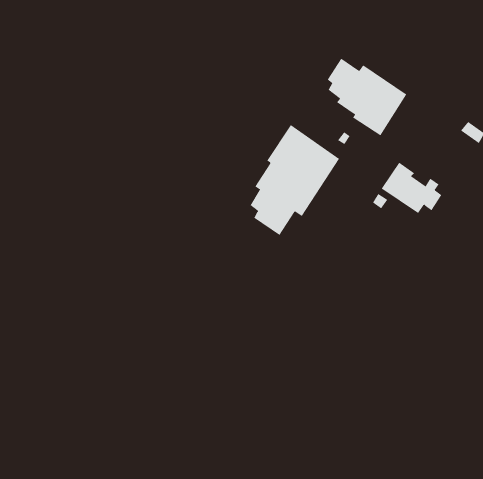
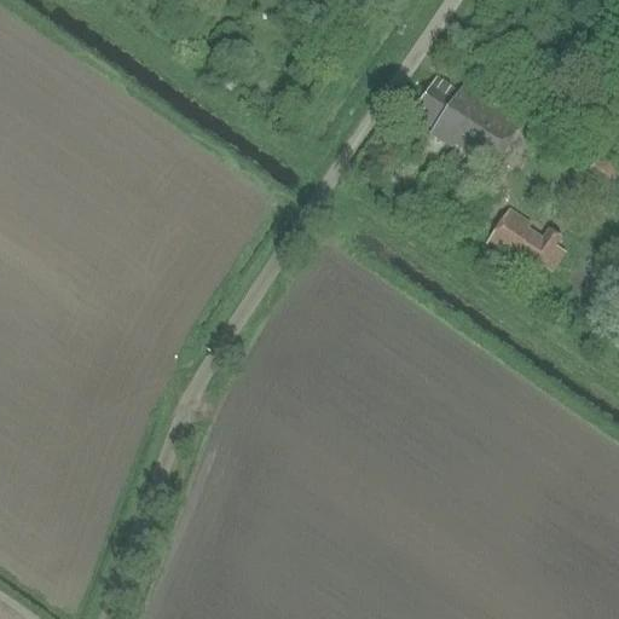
building: [250,124,340,236] -> none

